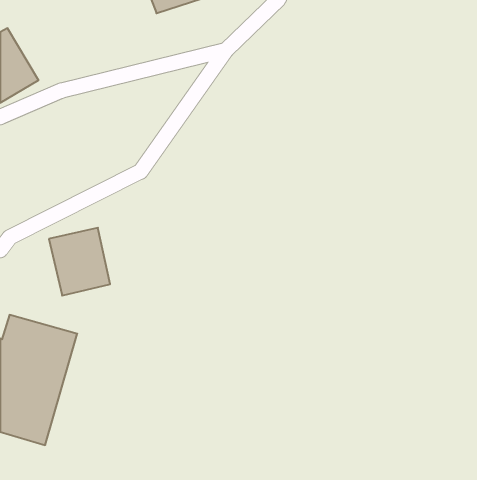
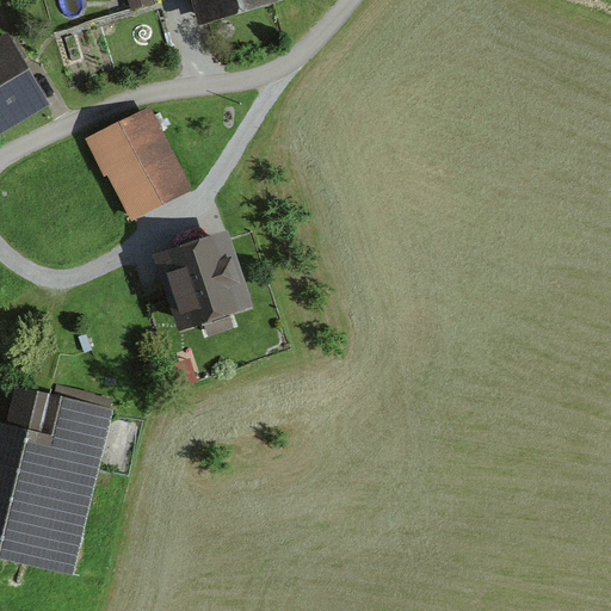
building: none -> [94,109,180,208]
building: [49,228,110,296] -> [162,241,240,327]

